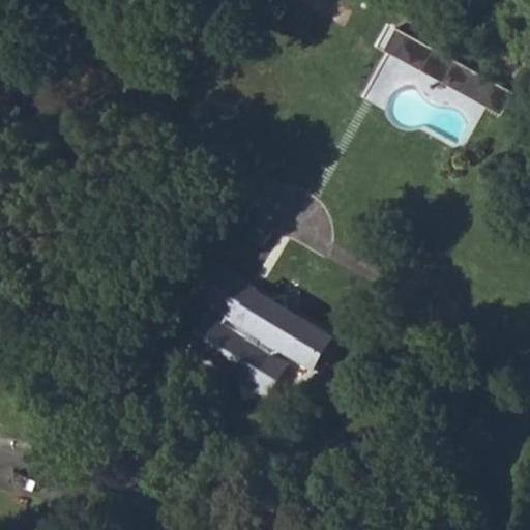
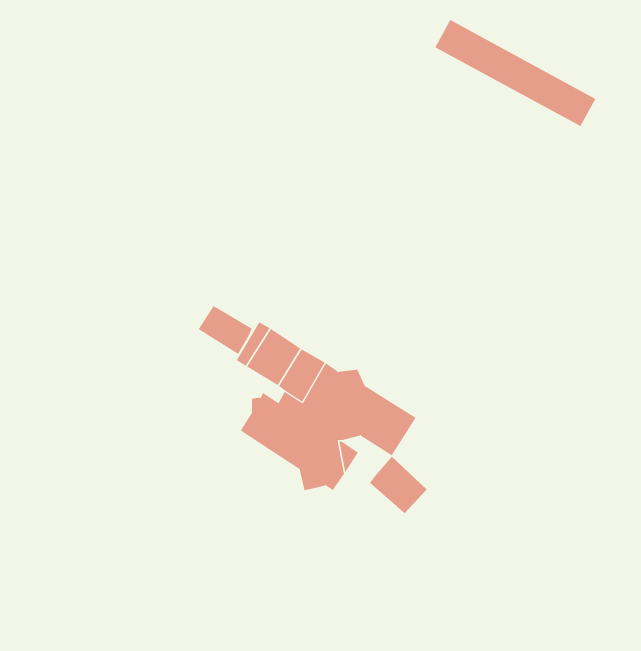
building: none -> [198,305,252,355]
building: none -> [369,456,428,514]

